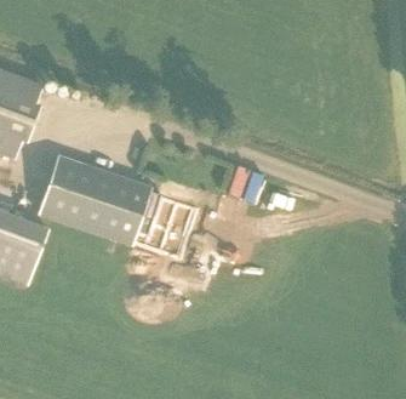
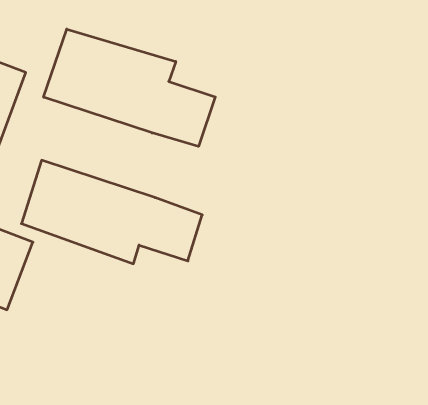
building: none -> [44,29,215,146]

